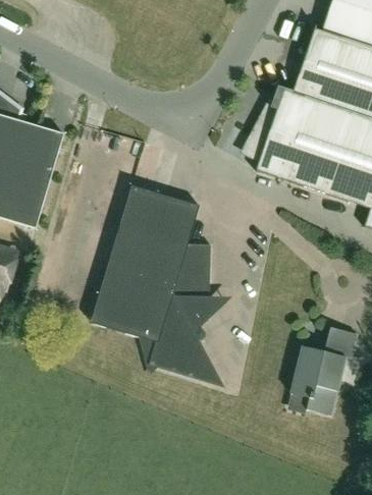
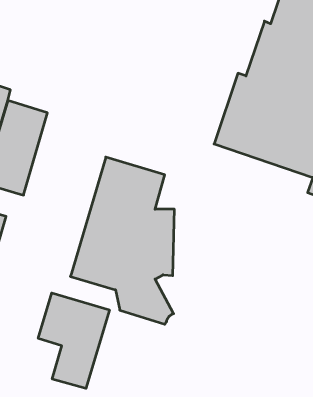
building: [290,326,357,415] -> none
building: none -> [38,293,109,388]

